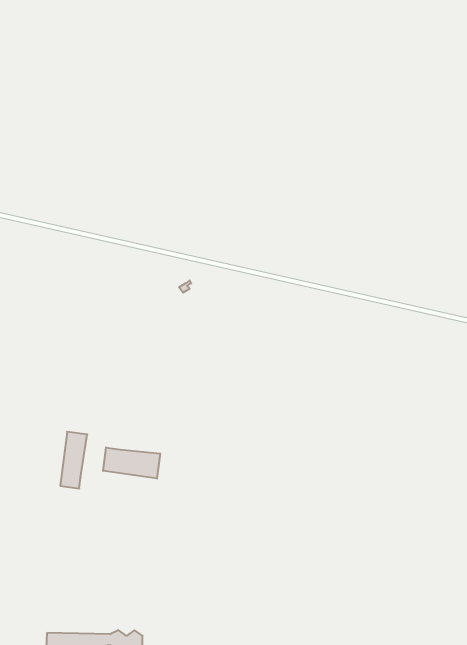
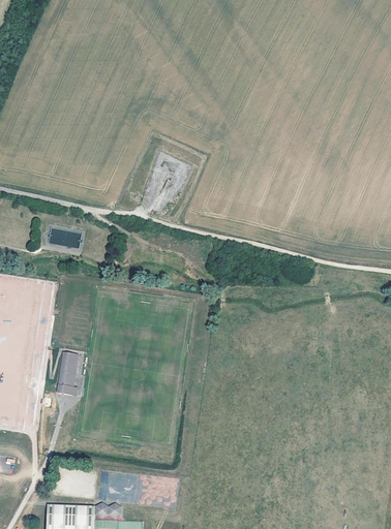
building: [103,447,160,479] -> none

